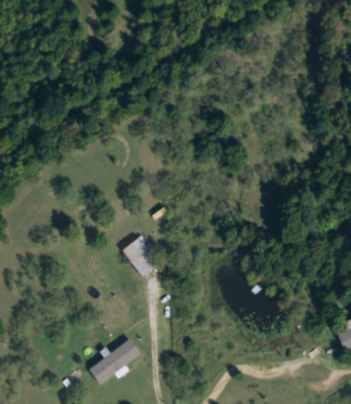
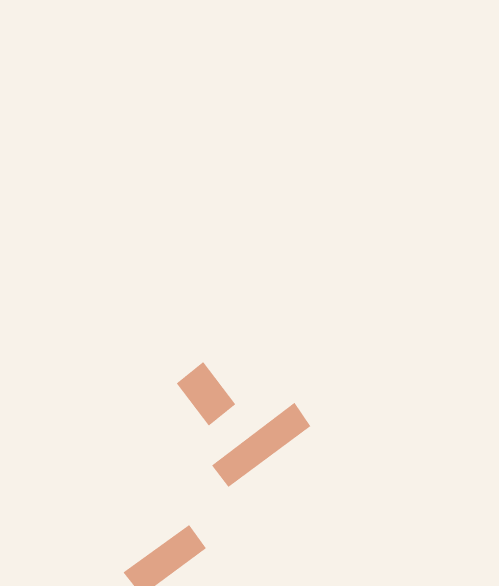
building: none -> [211,402,311,488]

